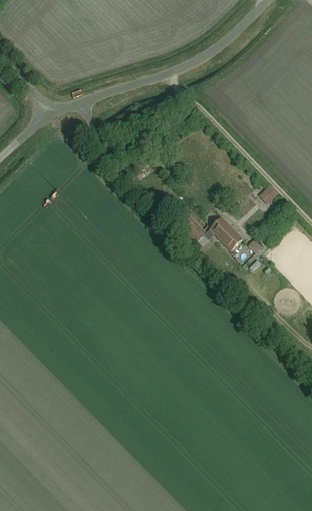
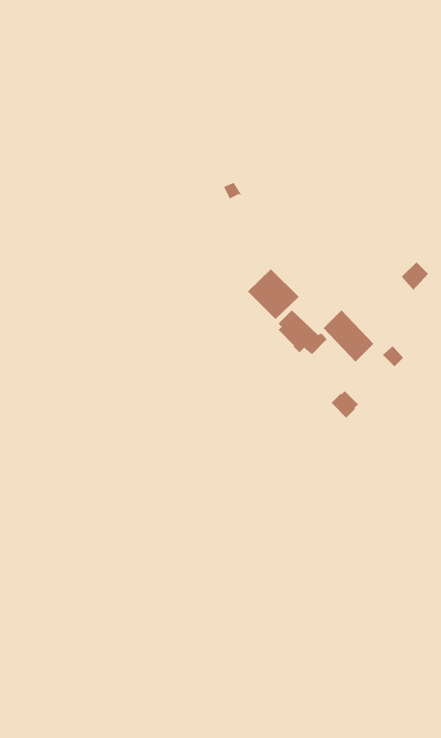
building: none -> [247,268,299,320]

